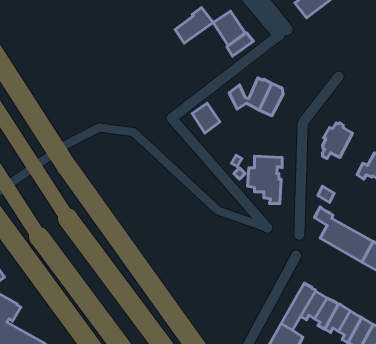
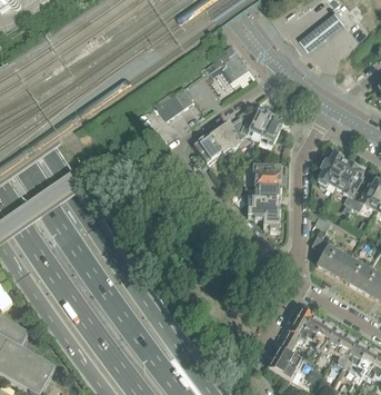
building: [175,8,213,43] -> [153,83,190,118]
building: none -> [209,122,240,156]
building: none -> [252,162,281,185]
building: none -> [337,162,362,203]

